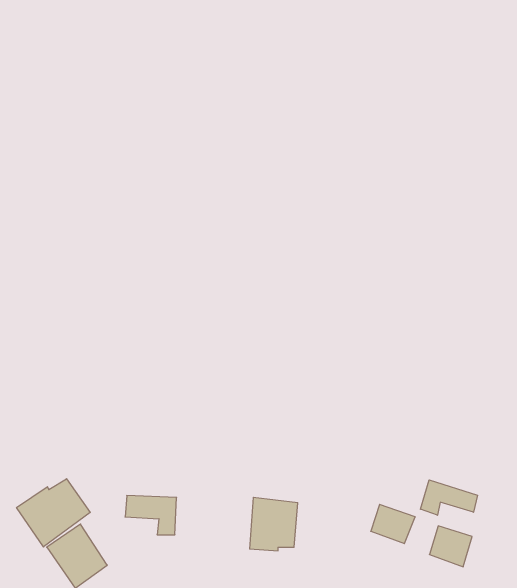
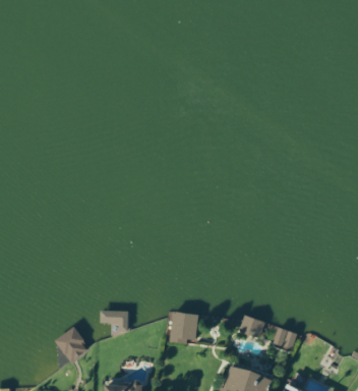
building: [17,479,90,547] -> none
building: [420,480,478,515] -> none

